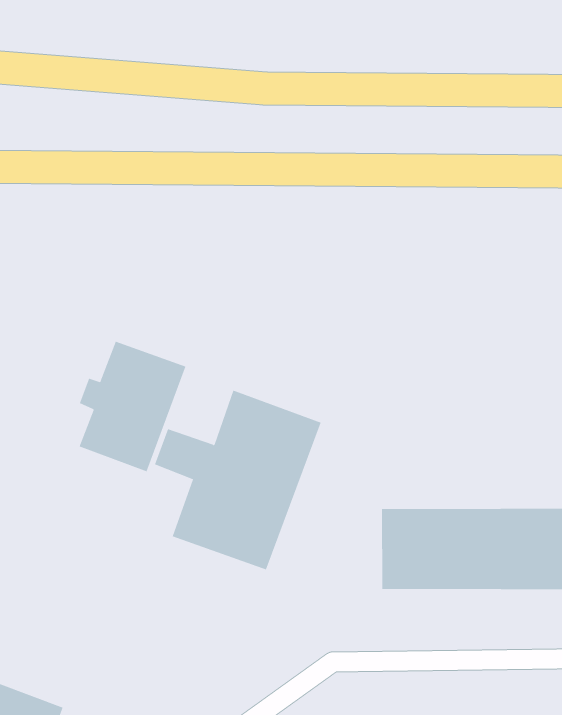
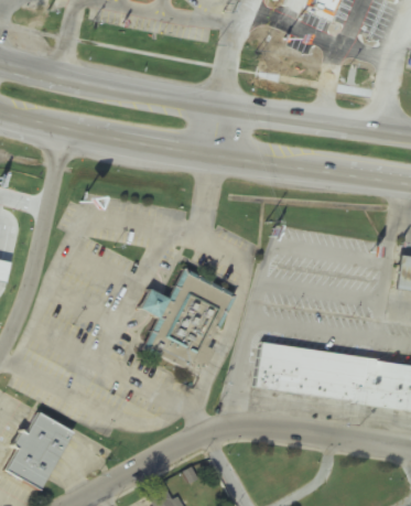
building: [79,341,186,472] -> none

